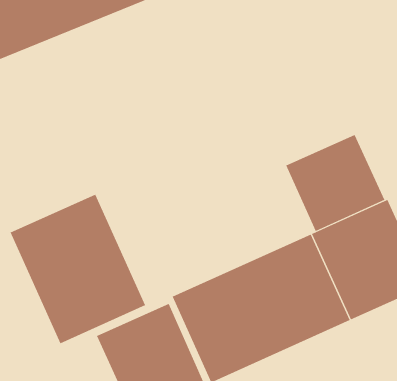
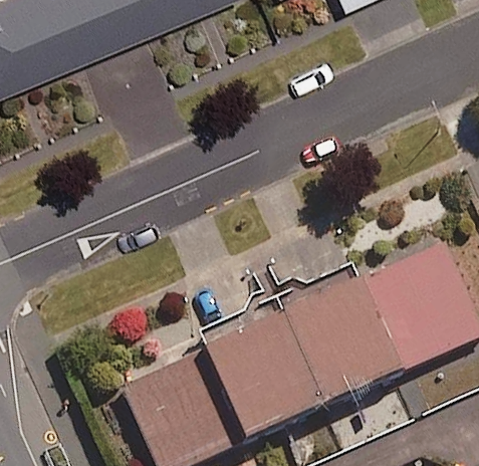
building: [286,134,385,232] -> none
building: [10,194,146,344] -> none

